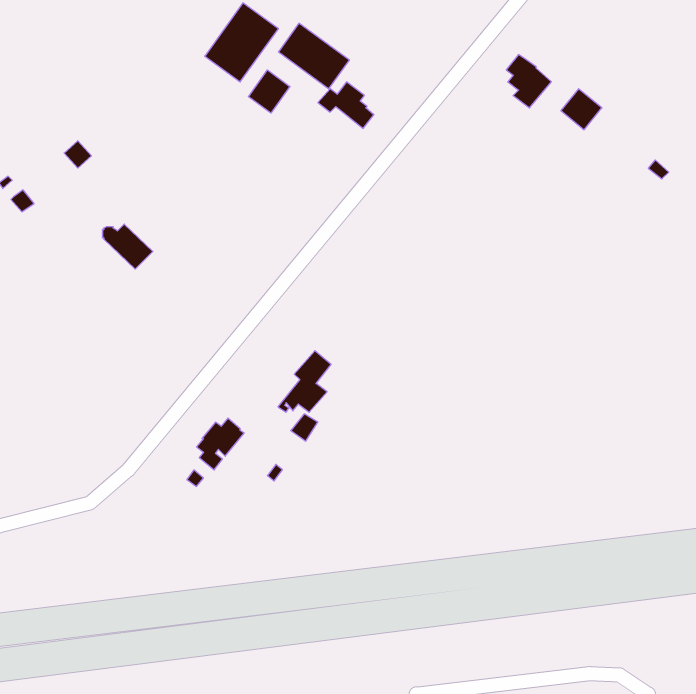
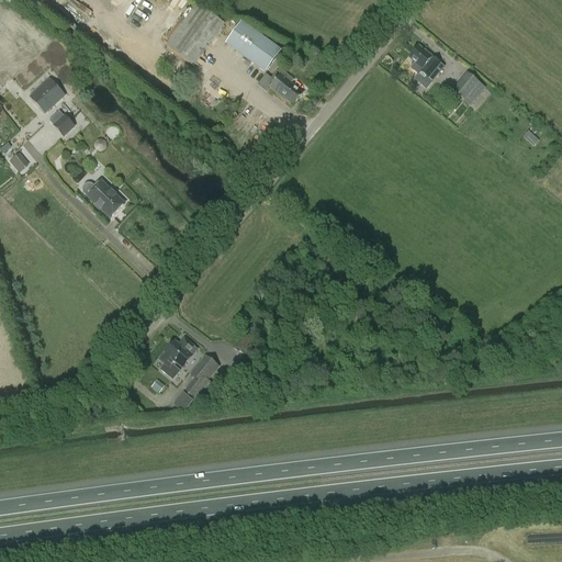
building: [248,70,290,113] -> none
building: none -> [27,76,65,112]
building: [278,351,331,412] -> [176,353,218,403]

